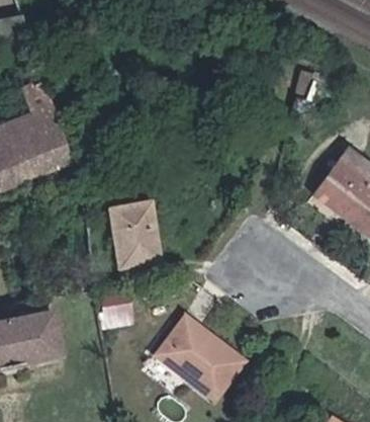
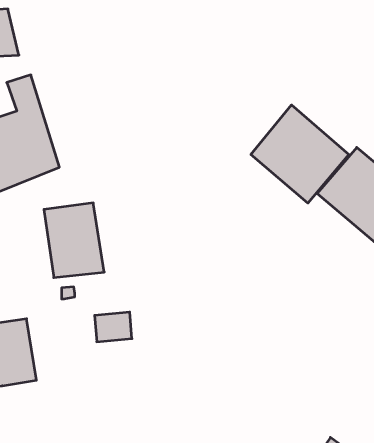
building: none -> [251,105,349,203]
building: [113,202,169,271] -> [44,203,104,278]
building: [165,322,241,396] -> none

